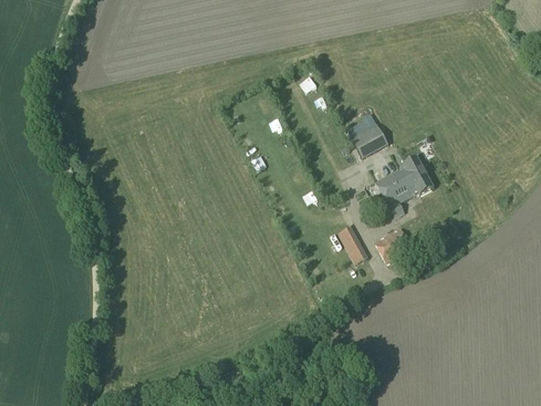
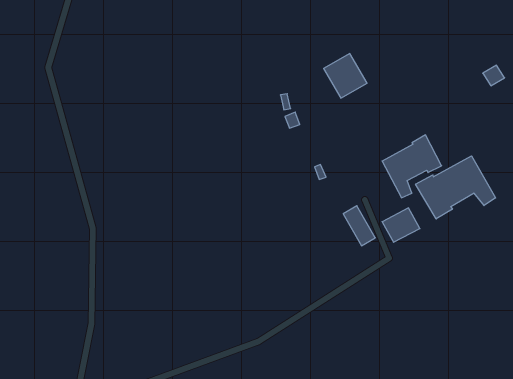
building: [346,114,388,157] -> [324,54,367,98]
building: none -> [416,156,496,219]

